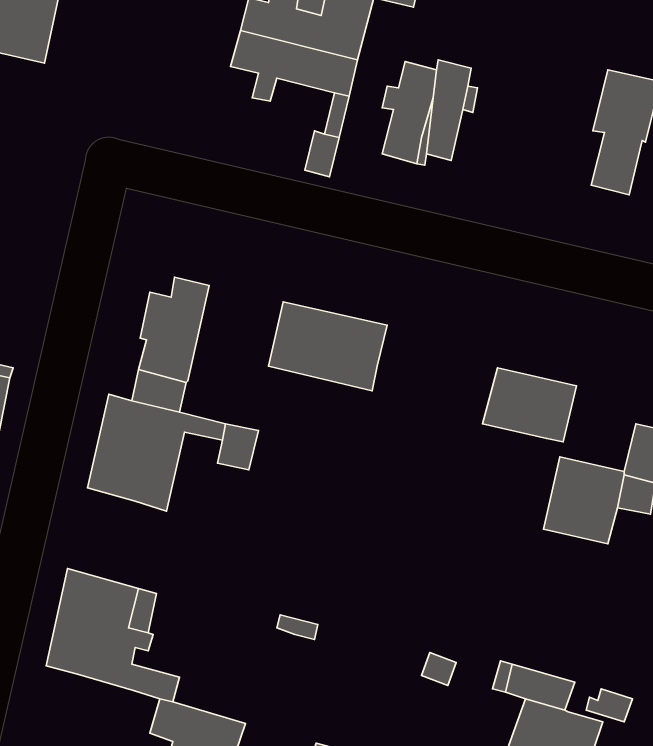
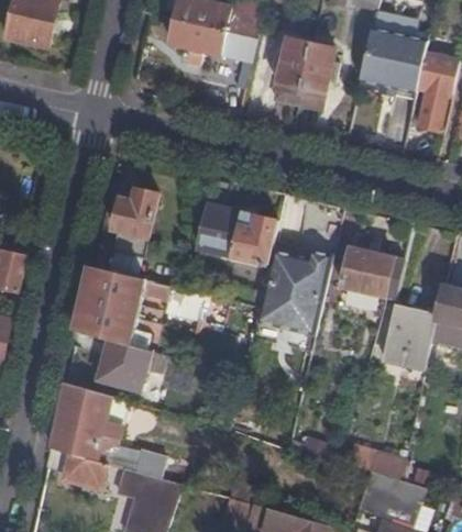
building: none -> [358,25,426,93]
building: none -> [254,247,331,334]
building: none -> [98,337,150,388]
building: none -> [63,453,107,487]

